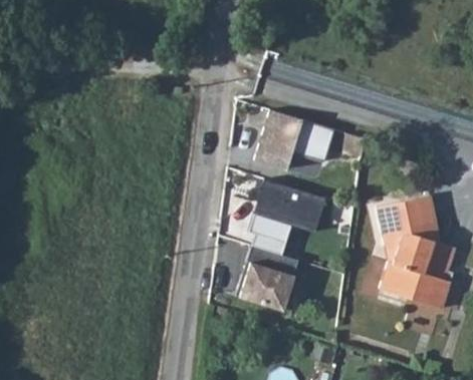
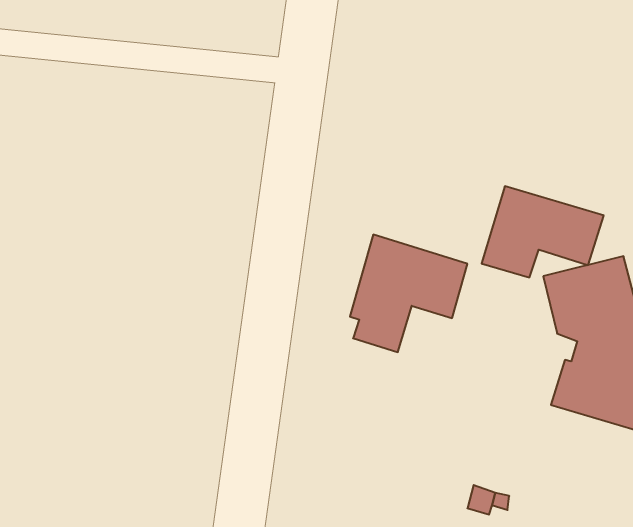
building: [255,111,334,170] -> [482,186,604,277]
building: [236,247,299,312] -> none

